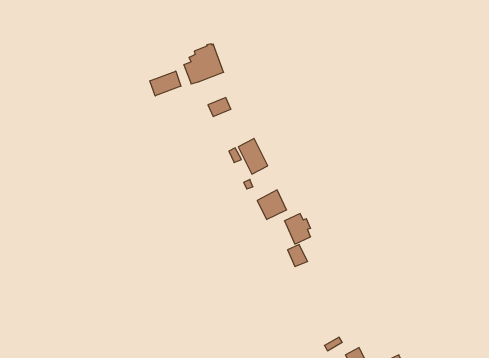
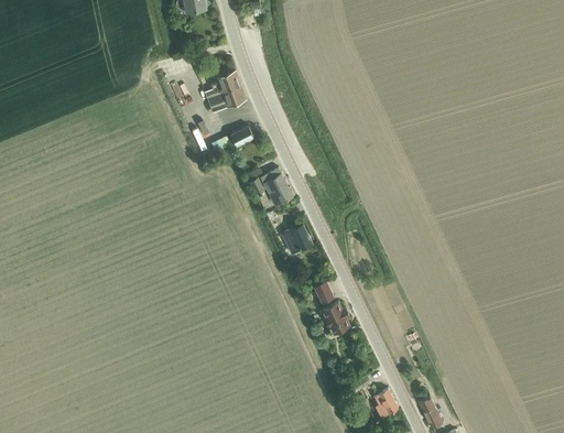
building: [150,71,181,96] -> none
building: [284,214,311,244] -> [323,302,350,334]

